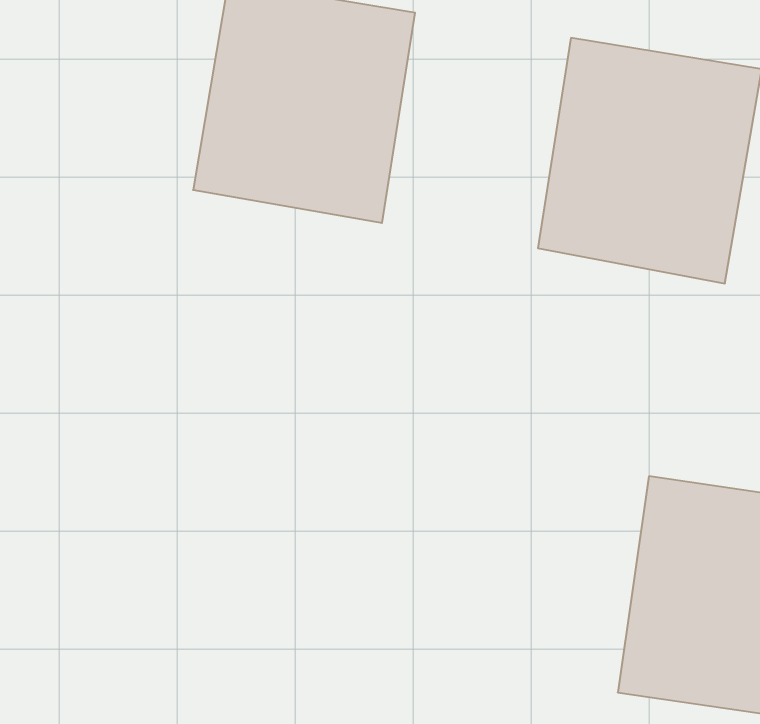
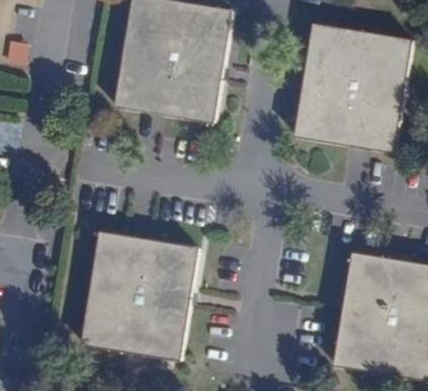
building: none -> [83,231,197,359]

